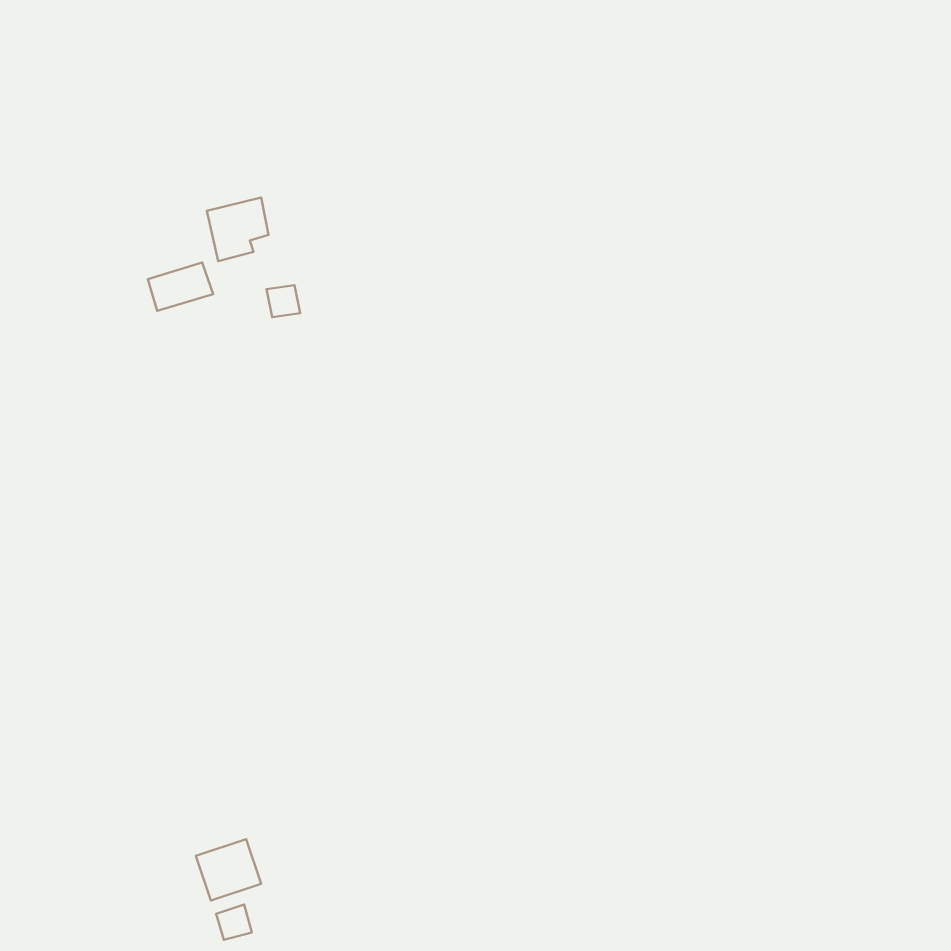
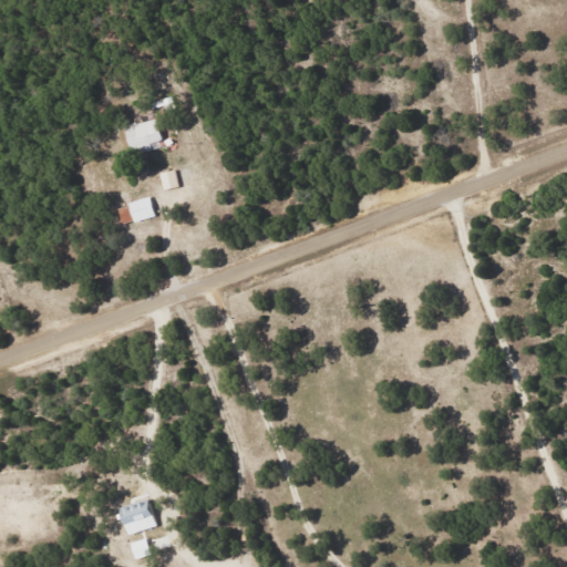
building: [148,262,213,311] -> [116,196,155,225]

